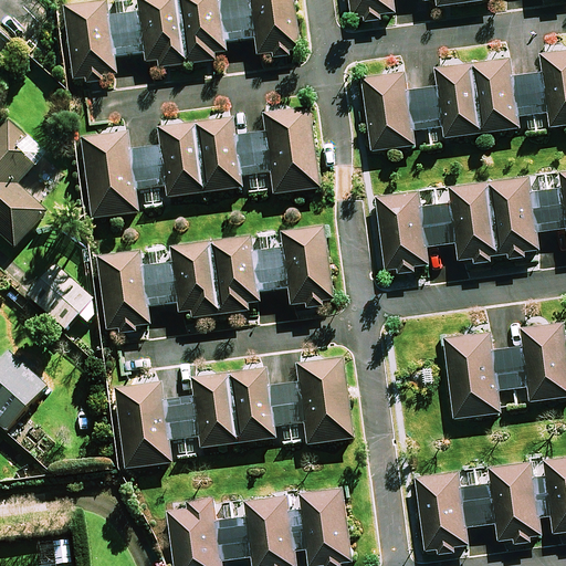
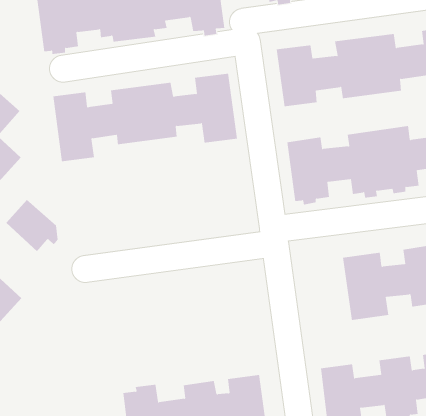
building: [95,228,332,336] -> none
building: [115,359,349,469] -> none

